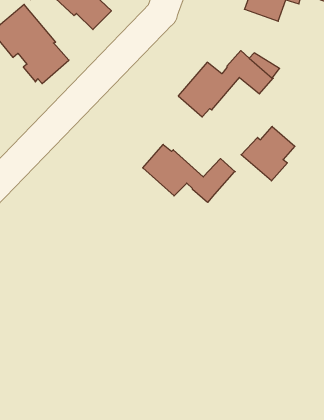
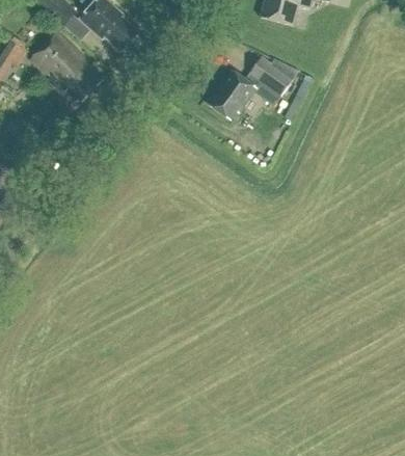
building: [241,126,295,181] -> none
building: [143,144,235,202] -> none

